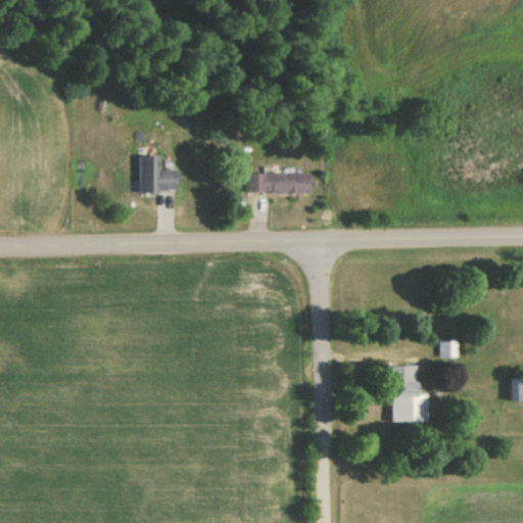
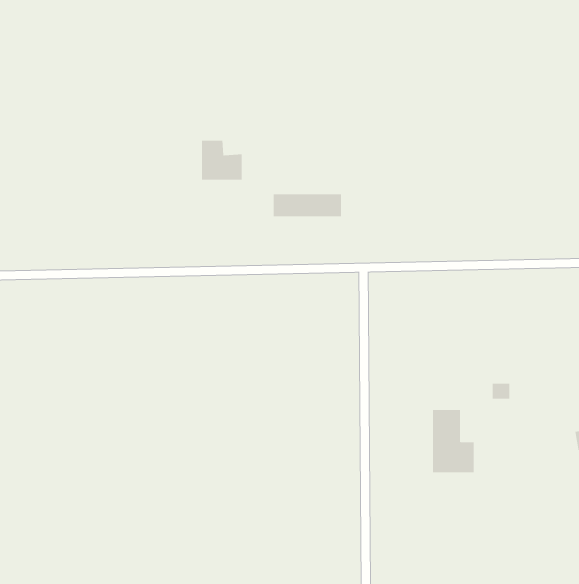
building: [142,155,179,191] -> [201,140,242,180]

